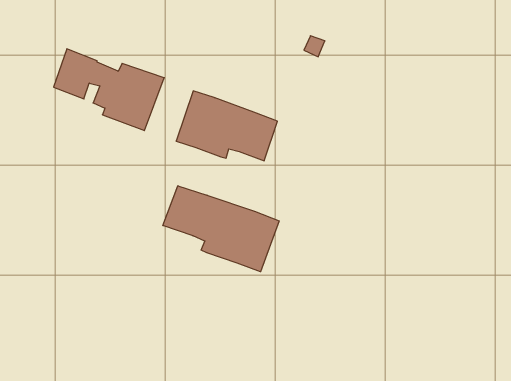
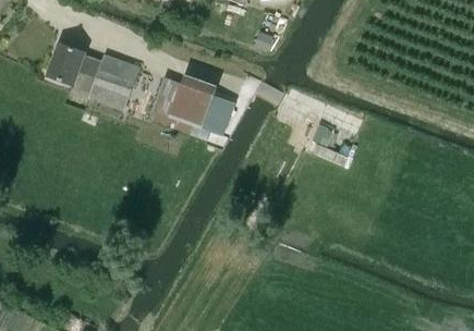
building: [163,186,279,272] -> none

